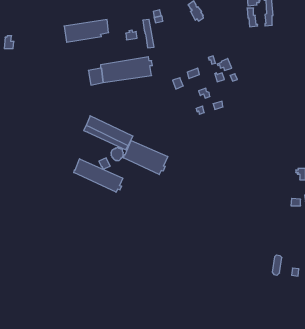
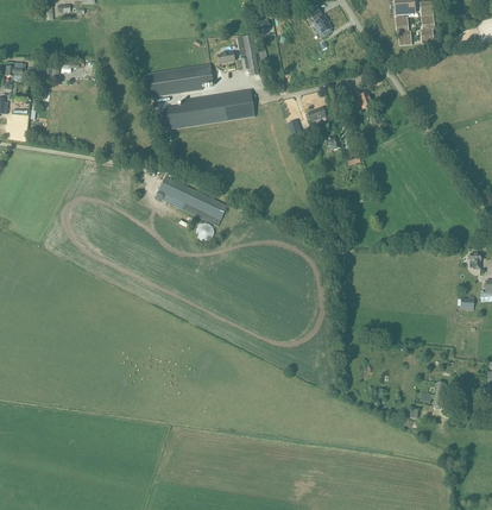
building: [64,20,109,42] -> [147,63,213,96]
building: [123,140,168,175] -> none
building: [74,159,123,192] -> none

